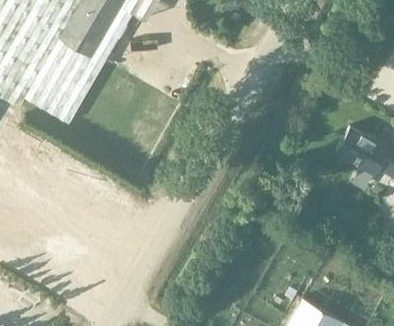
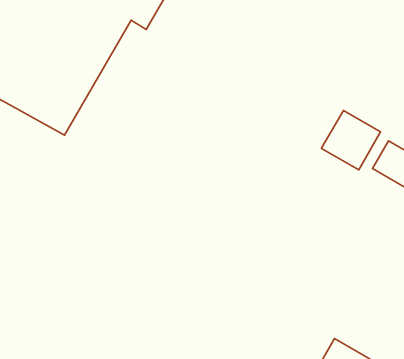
building: none -> [322,110,381,170]

